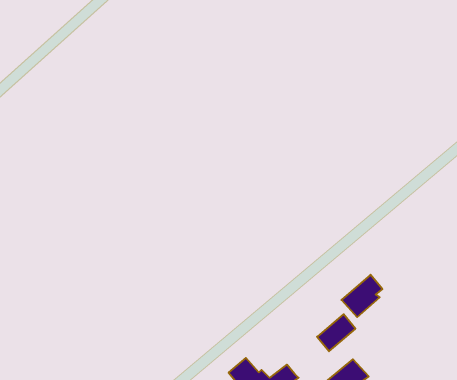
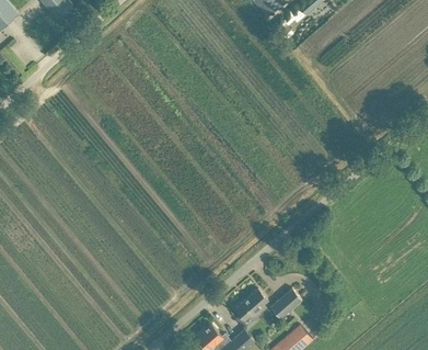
building: [341,275,382,317] -> [234,287,268,323]

